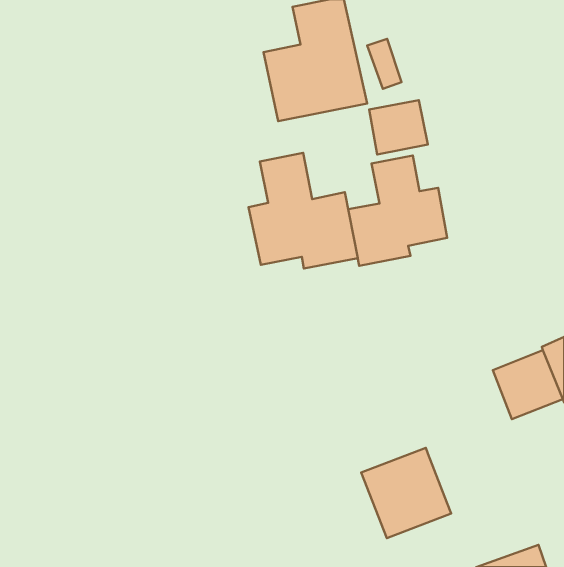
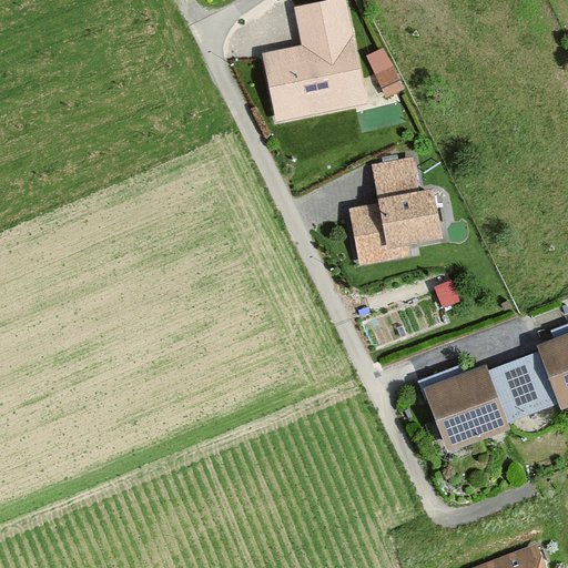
building: [369,100,428,154] -> none
building: [248,153,358,269] -> none
building: [361,448,451,538] -> [425,364,515,454]

